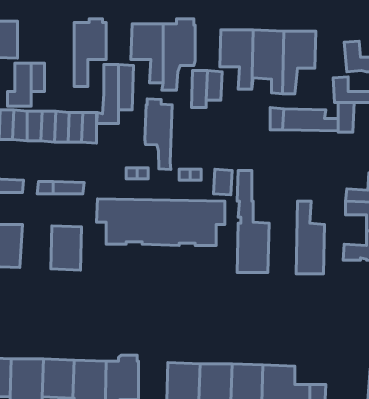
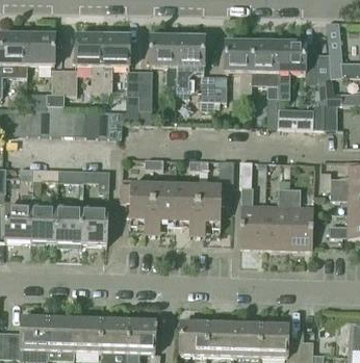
building: none -> [74,35,101,89]
building: [145,99,172,169] -> none
building: none -> [264,161,290,248]
building: none -> [55,206,82,247]

